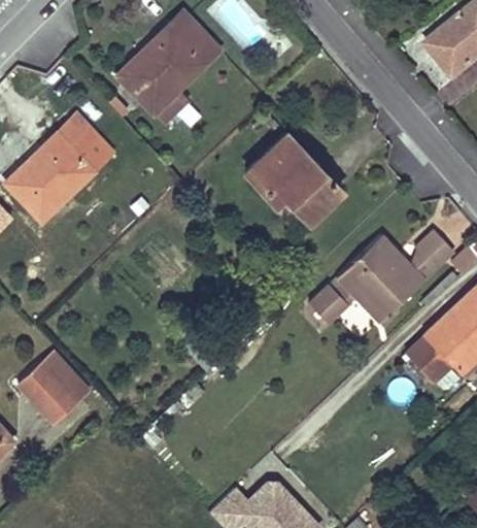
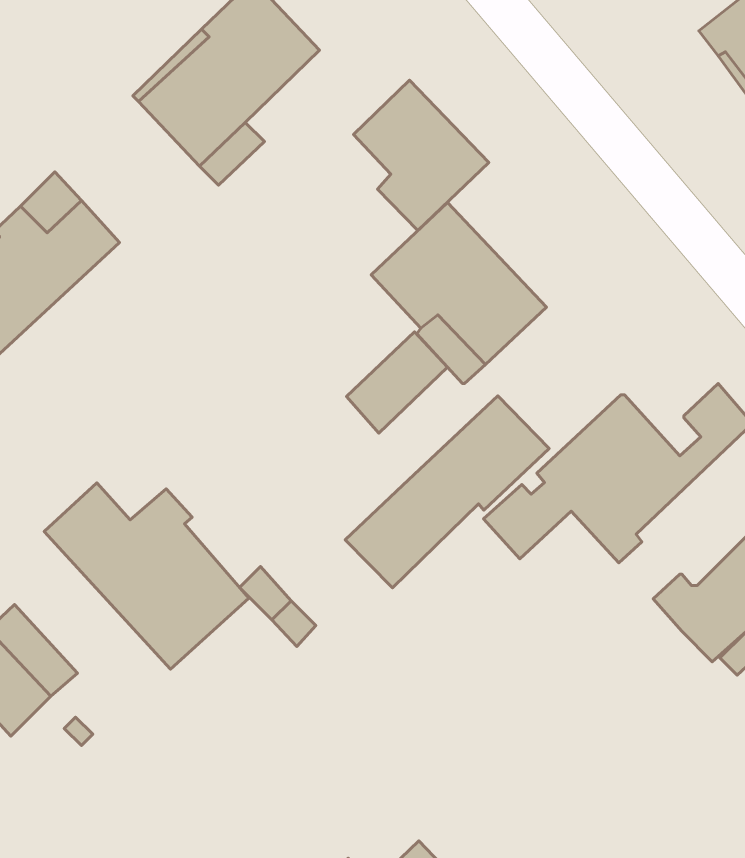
building: none -> [353,80,489,230]
building: none -> [346,332,447,433]
building: none -> [345,396,549,588]
building: none -> [44,483,249,669]

